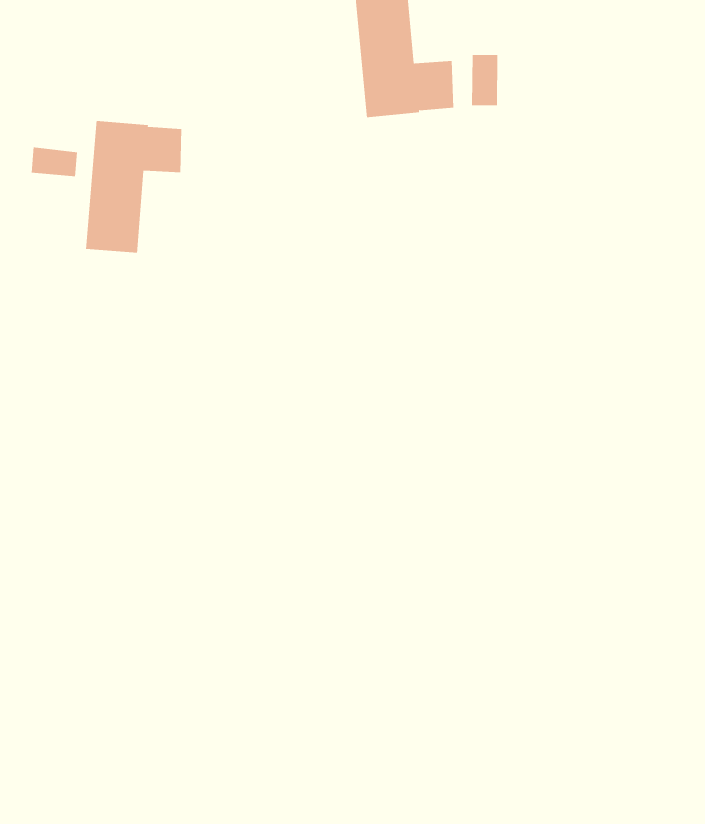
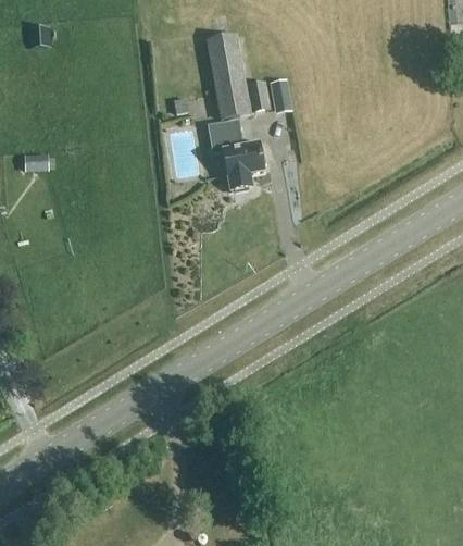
building: [86,120,182,254] -> none
building: none -> [209,121,264,188]

